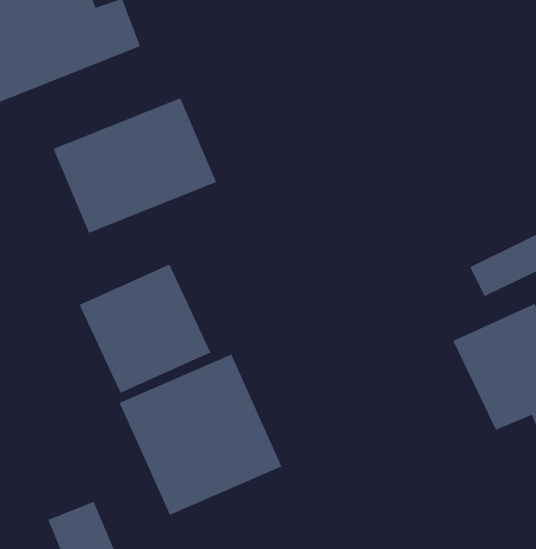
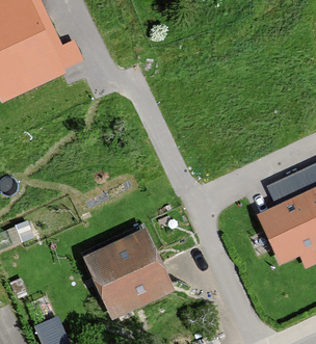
building: [52,97,217,234] -> none
building: [79,263,212,394] -> none

